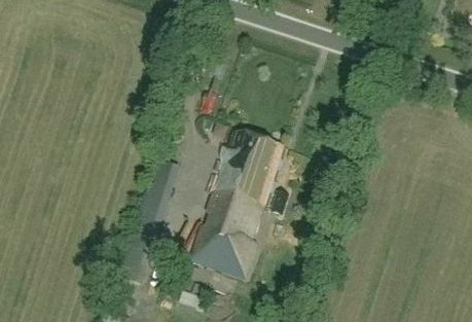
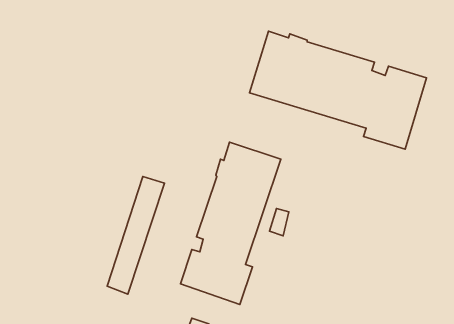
building: none -> [250,31,426,149]

